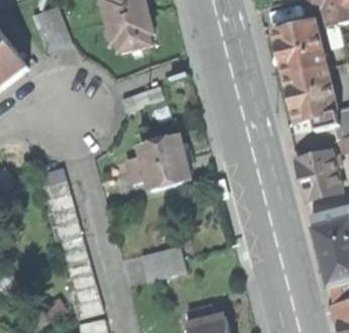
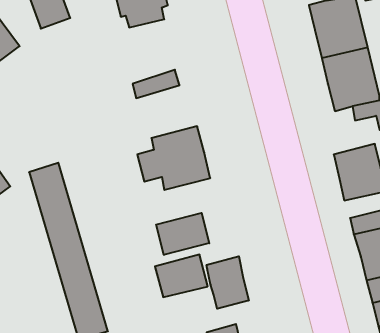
building: none -> [156,213,209,255]
building: none -> [207,256,249,309]

